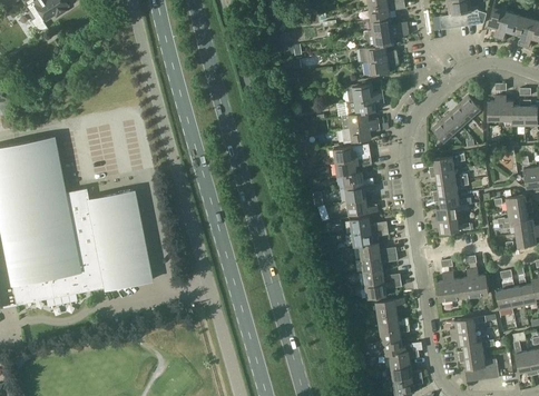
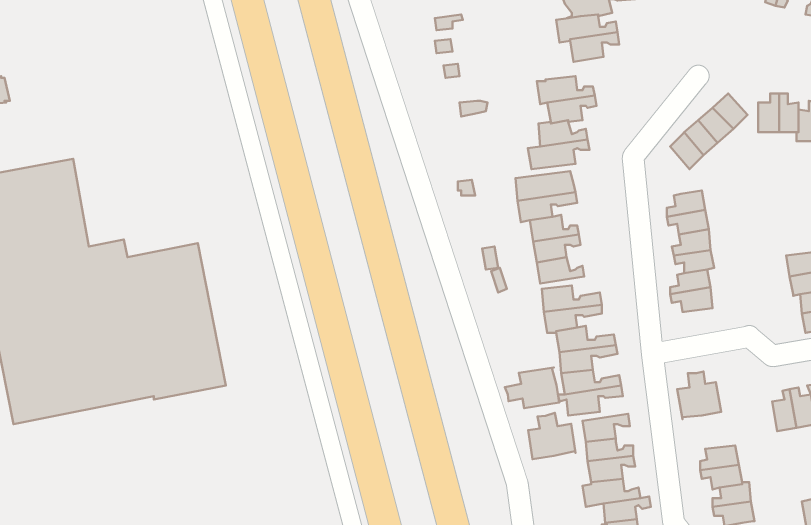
building: [461,268,489,297] -> none
building: none -> [505,367,559,408]
building: none -> [528,413,575,459]

